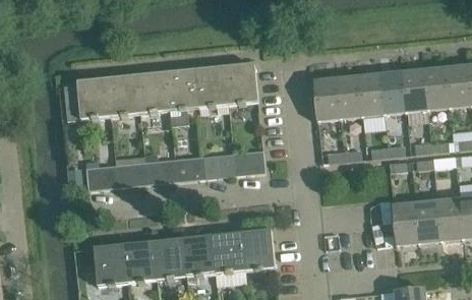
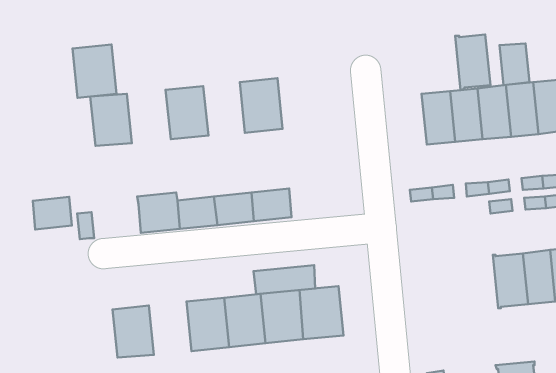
building: none -> [499,44,529,85]
building: [223,63,257,106] -> none
building: [165,69,197,125] -> none
building: [105,75,139,117] -> [72,44,117,98]
building: [312,78,340,122] -> [455,34,490,90]
building: [232,149,264,175] -> none
building: [85,165,116,190] -> [33,197,72,229]
building: none -> [254,265,315,294]
building: [122,241,156,283] -> none

